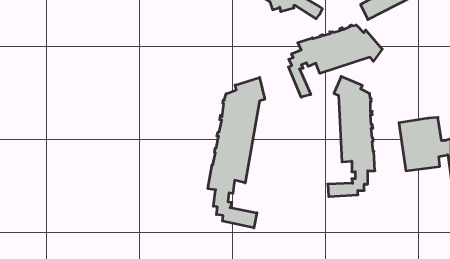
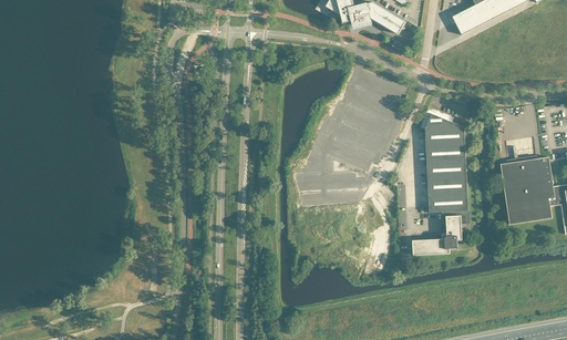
building: [288,25,382,97] -> none
building: [208,77,265,228] -> none

